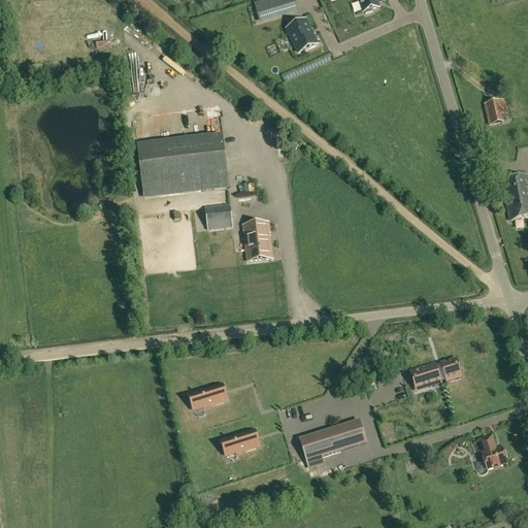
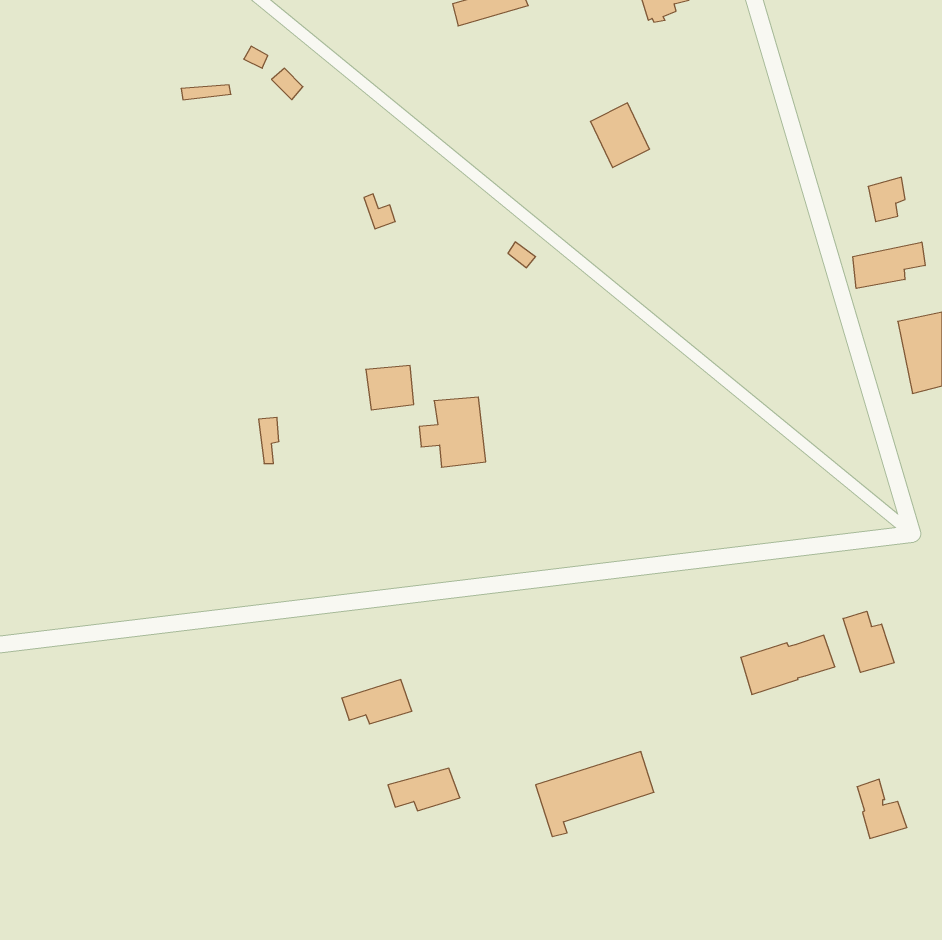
building: [285,18,318,54] -> [590,103,650,168]
building: none -> [853,242,925,288]
building: [137,137,228,195] -> none
building: none -> [843,611,894,672]

